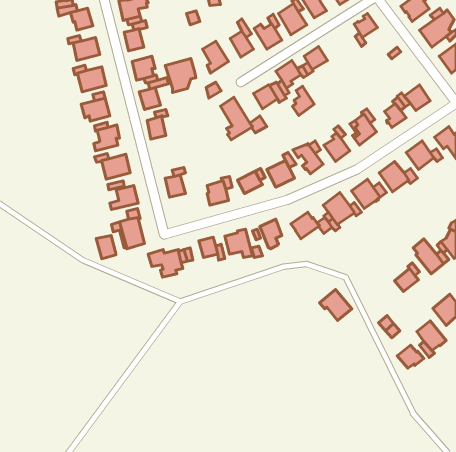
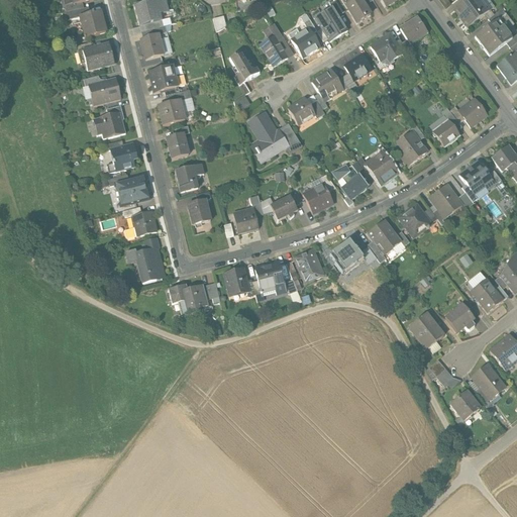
building: none -> [371,32,401,60]
building: [165,58,196,92] -> none
building: [292,86,314,115] -> none
building: none -> [175,163,203,191]
building: [96,235,116,259] -> none
building: [320,289,352,321] -> [407,311,443,346]

